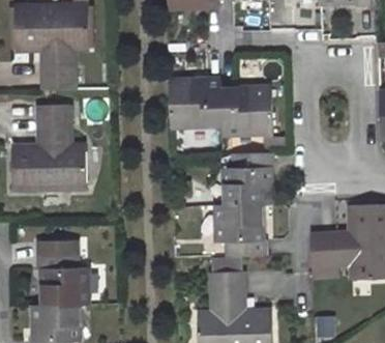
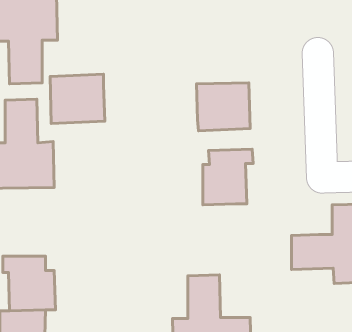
building: [170,79,221,125] -> [50,74,105,123]
building: [216,203,267,254] -> none

